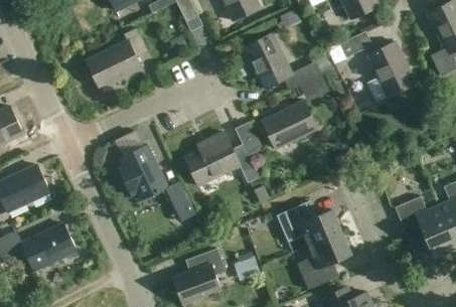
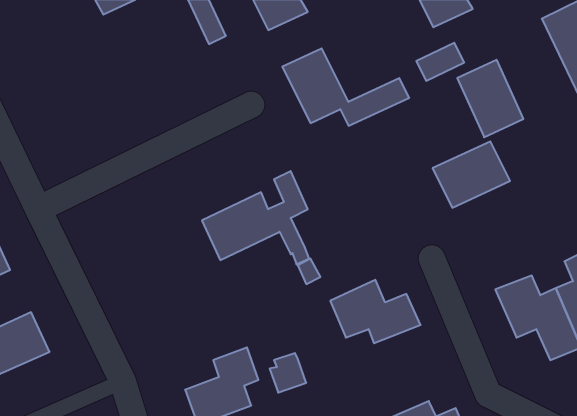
building: [87,29,149,90] -> none
building: [262,102,317,149] -> [433,141,510,208]
building: [119,146,191,214] -> none
building: [297,233,350,290] -> none

